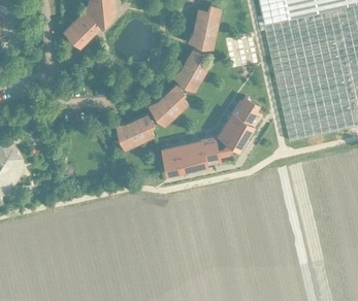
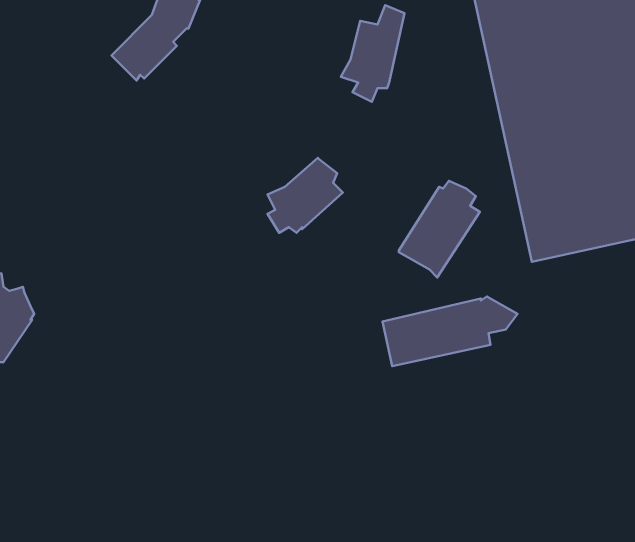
building: [172,49,210,94] -> none
building: [109,114,154,147] -> none
building: [162,136,234,173] -> [383,297,518,366]

